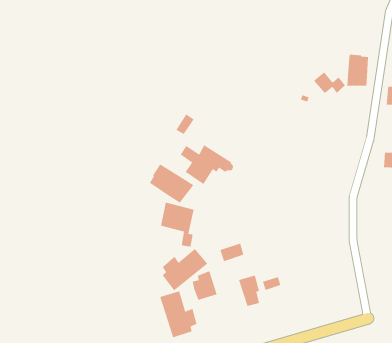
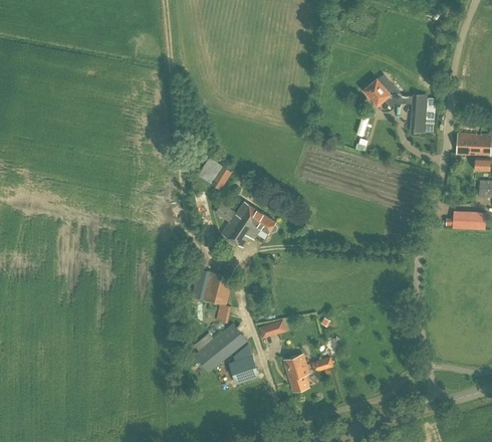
building: [313,71,346,94] -> [363,78,402,104]
building: [149,163,194,203] -> none
building: [159,291,197,338] -> none

